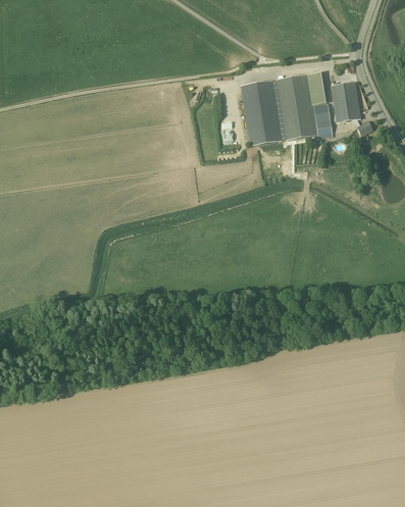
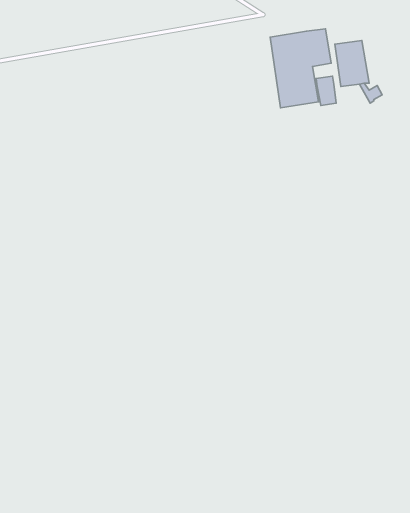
building: [241,80,281,145] -> none

